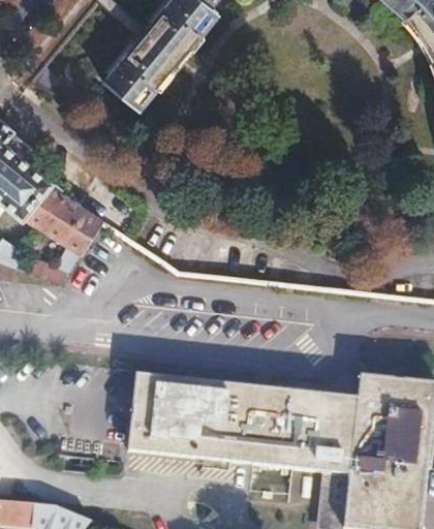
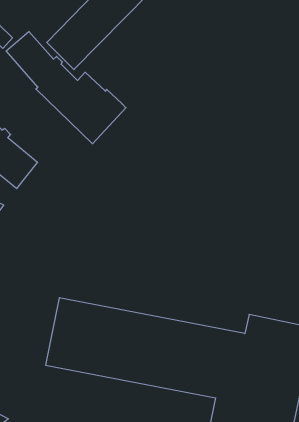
building: none -> [6,31,126,144]

